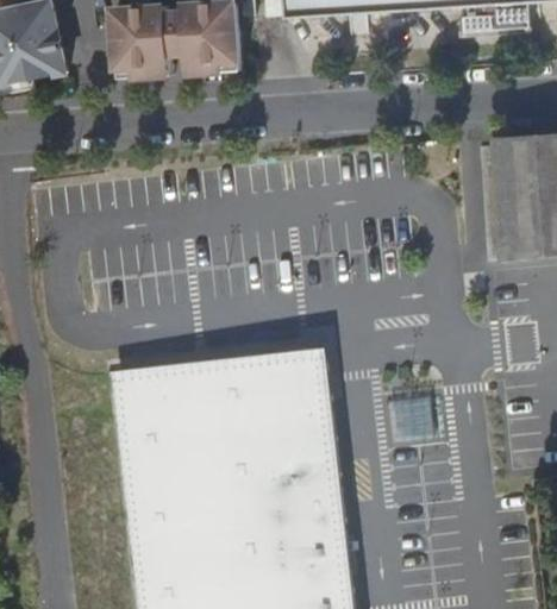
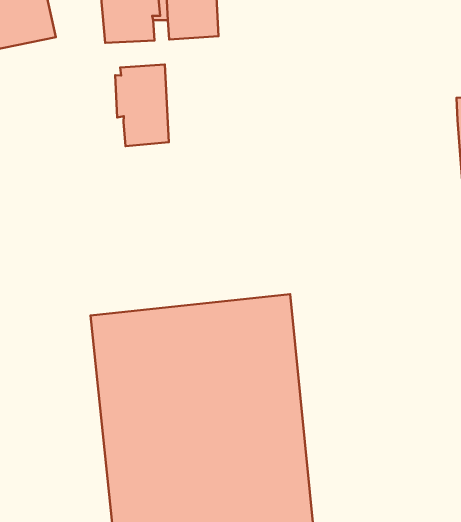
building: none -> [115,65,169,146]

